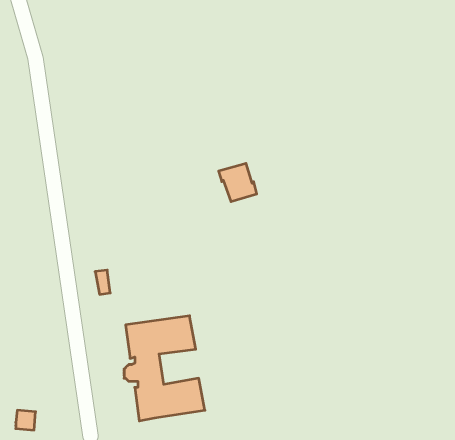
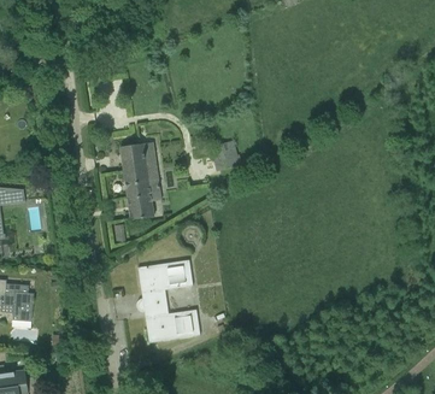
building: none -> [120,142,160,219]

